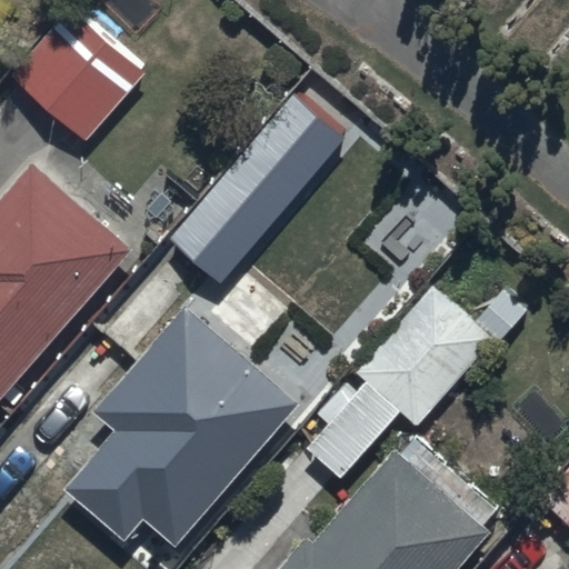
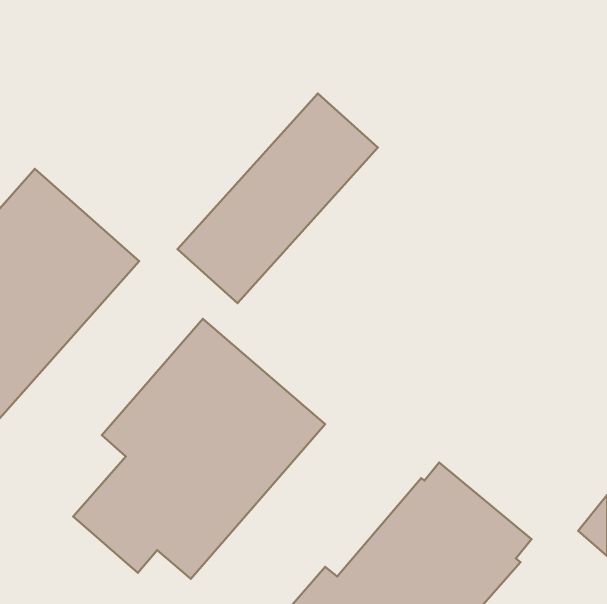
building: [8,19,146,143] -> none
building: [302,288,522,478] -> none

